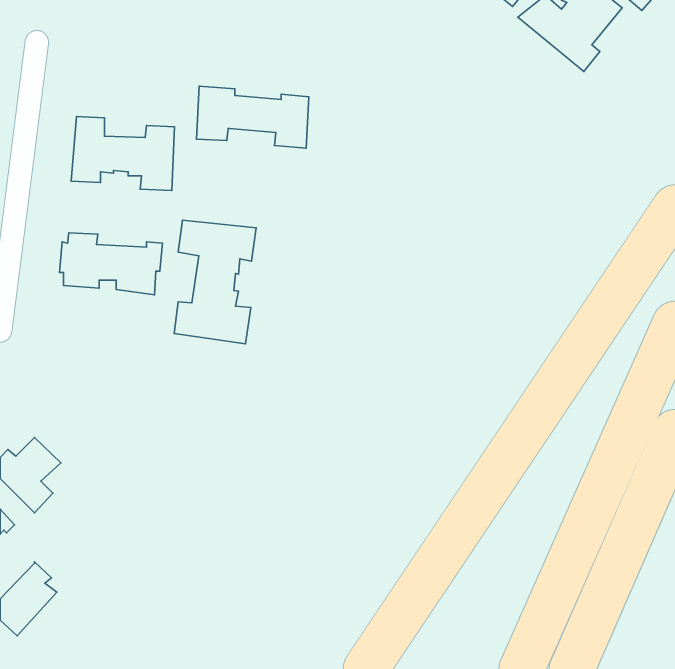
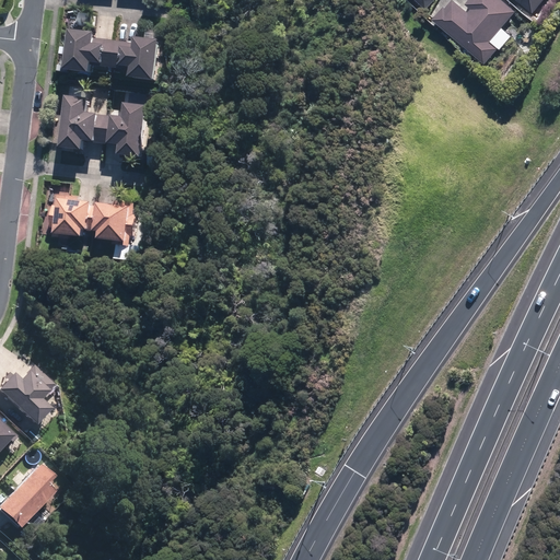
building: [196,86,309,148] -> [62,30,155,81]
building: [174,220,256,344] -> none

